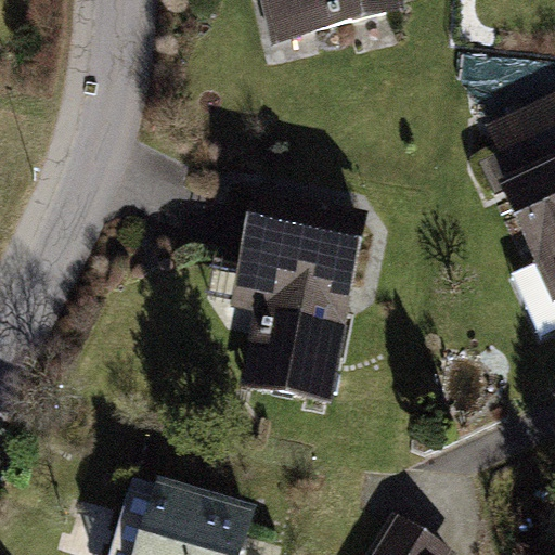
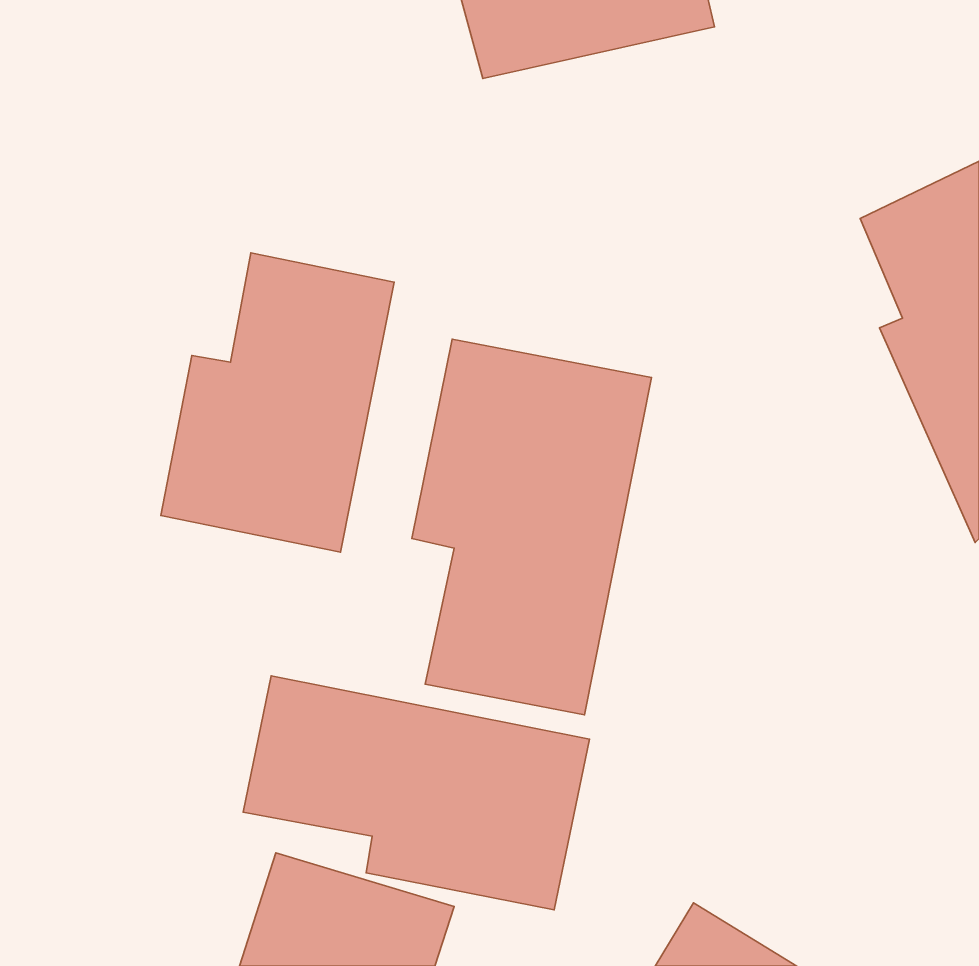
building: none -> [161,253,394,552]
building: none -> [243,676,589,910]

